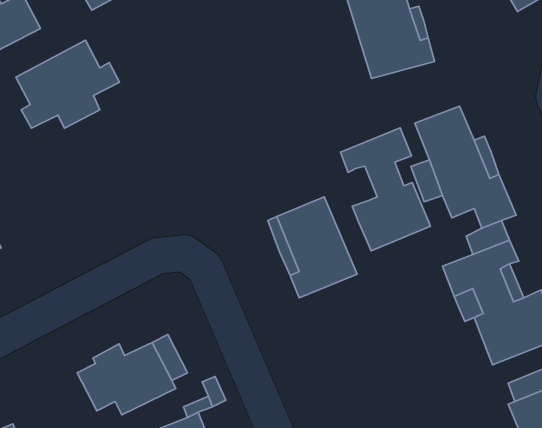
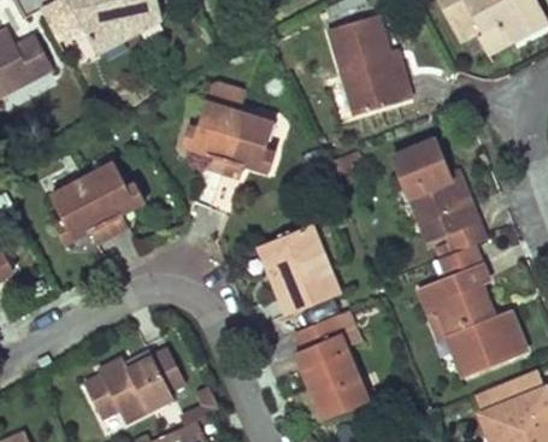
building: [16,40,120,128] -> [49,161,145,242]
building: none -> [182,83,275,176]
building: [341,128,430,251] -> none
building: none -> [295,316,367,420]

